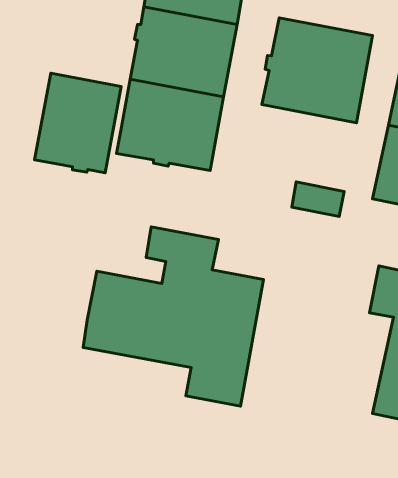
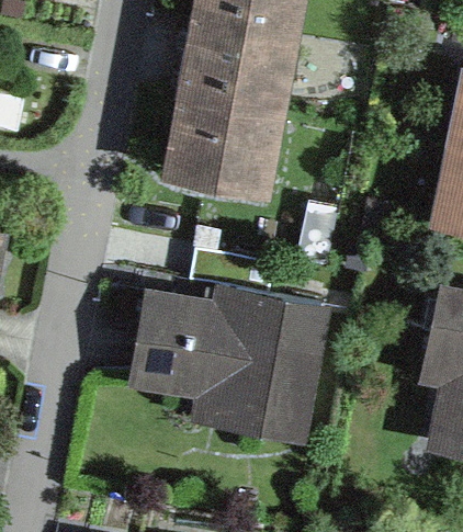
building: [262,18,372,123] -> none
building: [35,73,121,173] -> none

